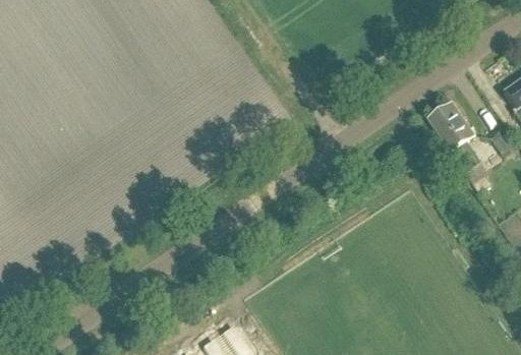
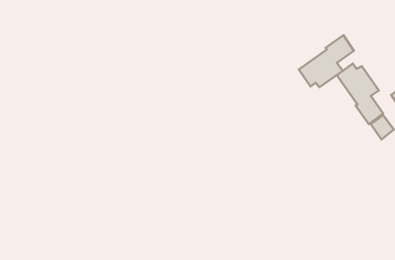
building: none -> [299,35,354,87]

